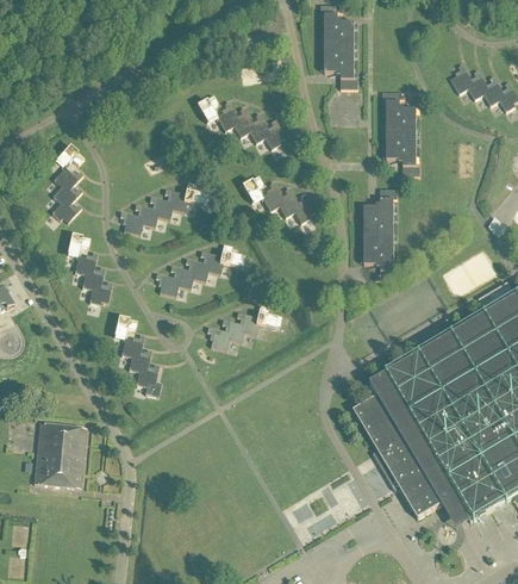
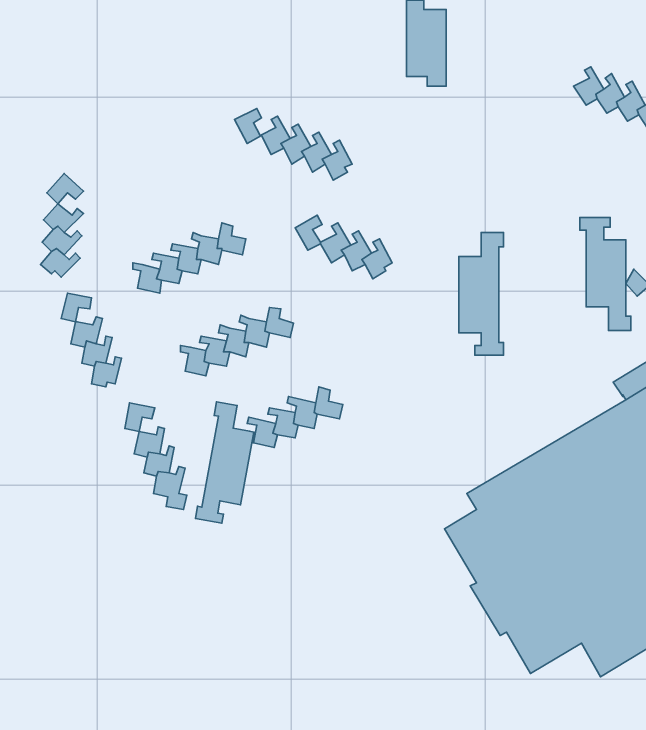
building: [381,92,419,176] -> [580,218,631,331]
building: none -> [195,402,254,523]
building: [33,423,85,487] -> none

